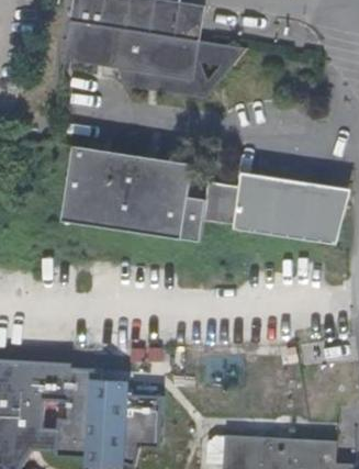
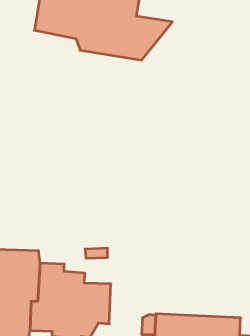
building: [63,146,207,243] -> none
building: [214,185,343,241] -> none

